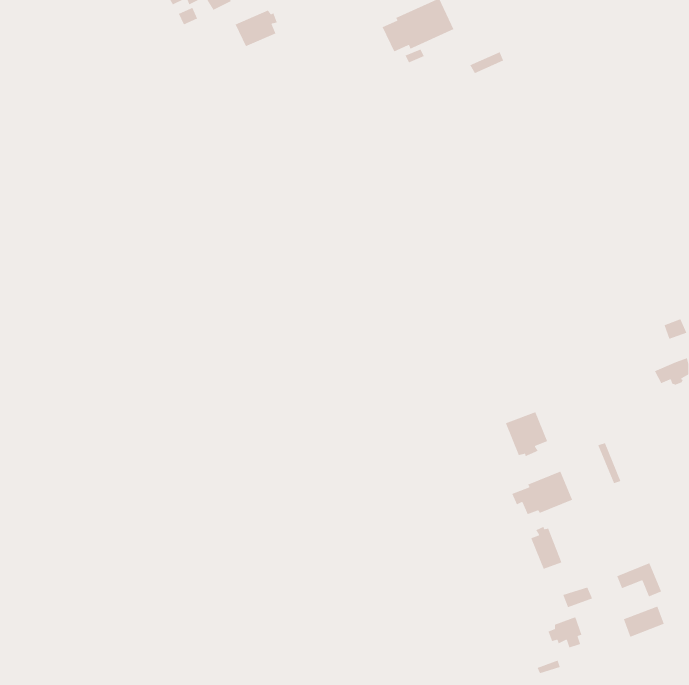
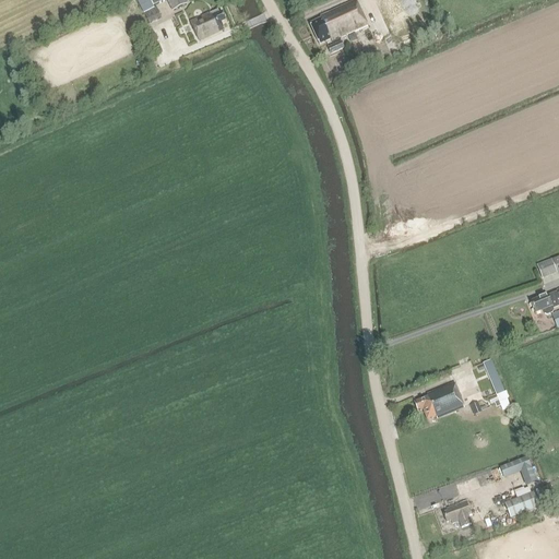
building: [505,411,548,457] -> none
building: [530,526,563,570] -> none

